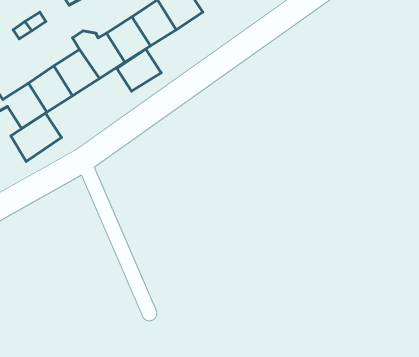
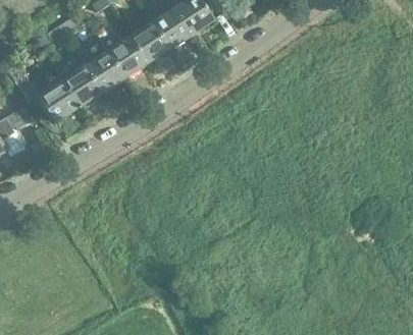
building: [117,49,161,91] -> none
building: [11,113,61,161] -> none

